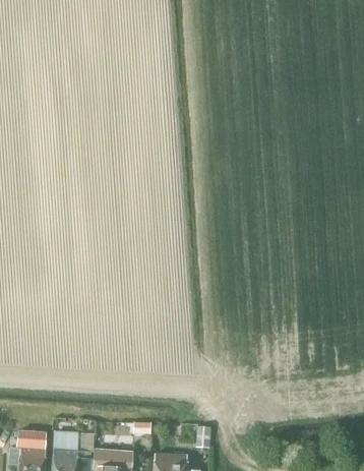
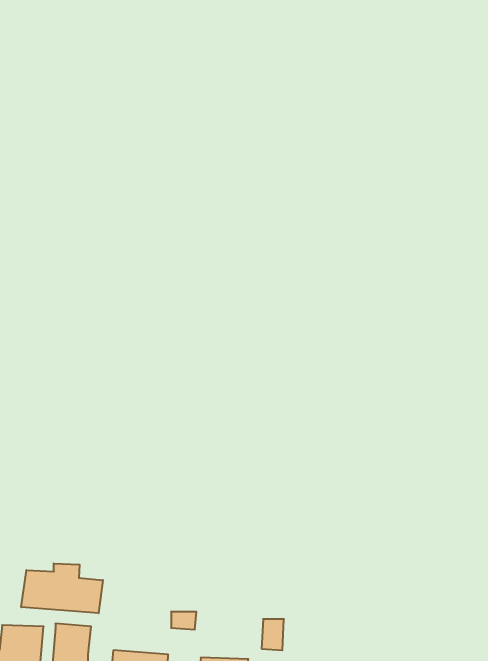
building: none -> [21,563,103,613]

